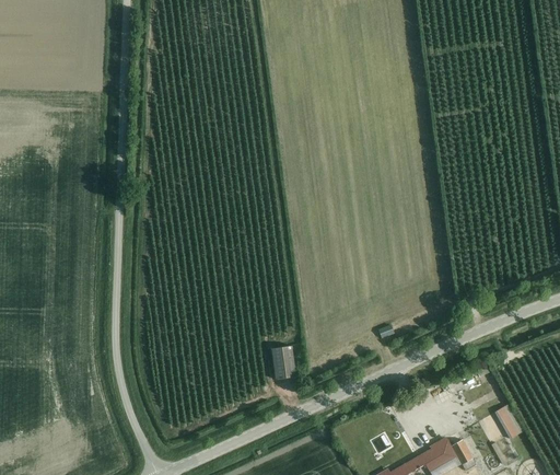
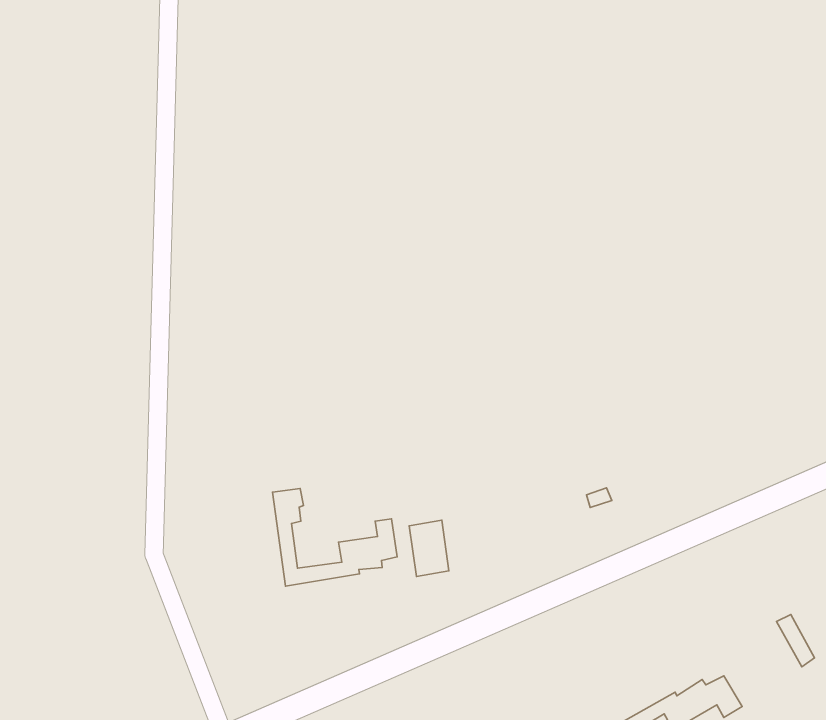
building: none -> [272,488,397,586]

